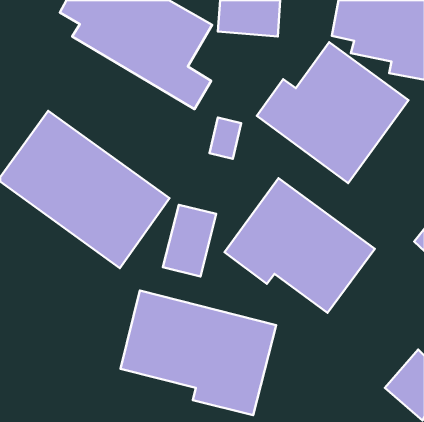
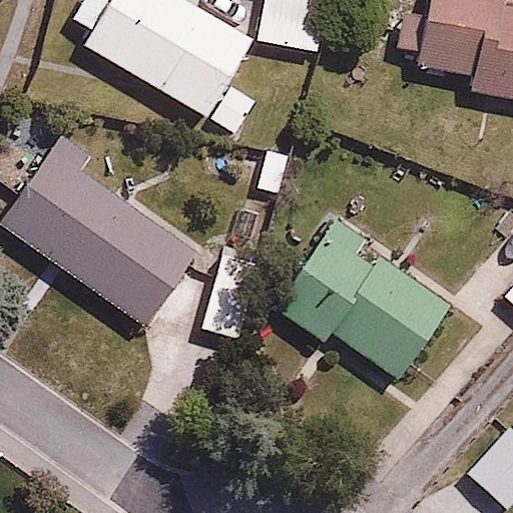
building: [257,42,409,183] -> none
building: [120,291,276,415] -> none

